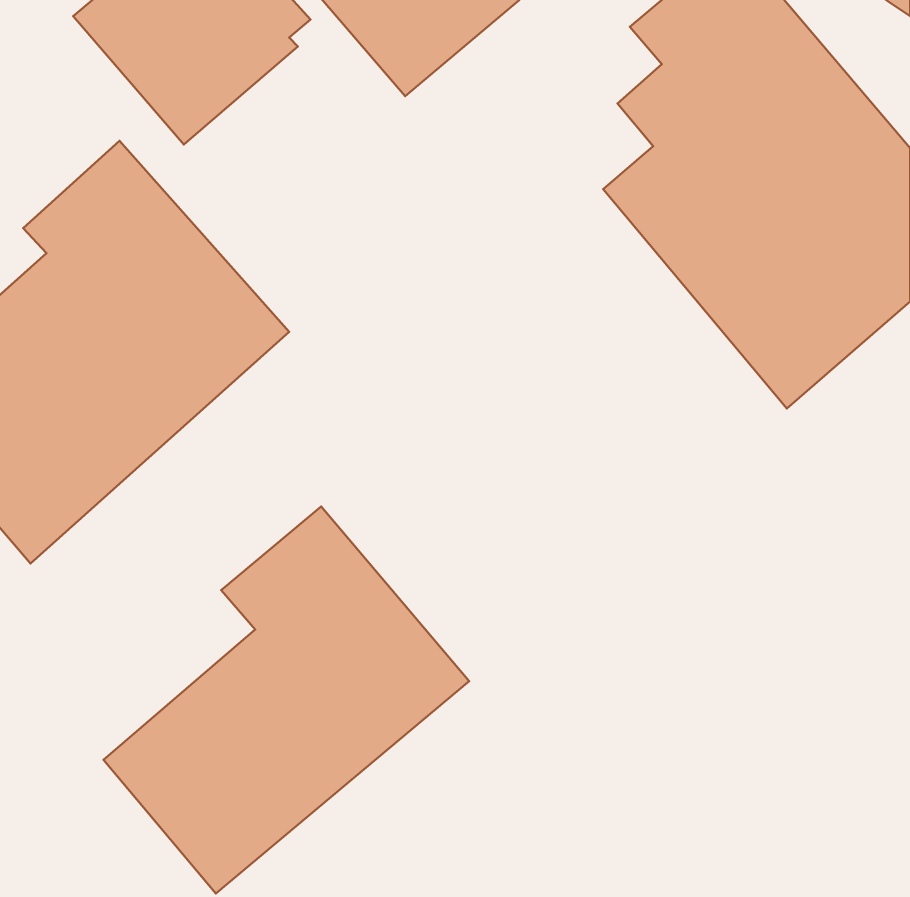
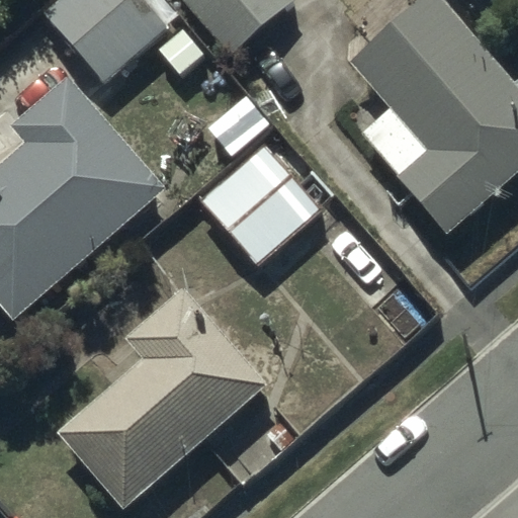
building: none -> [199,141,323,265]

